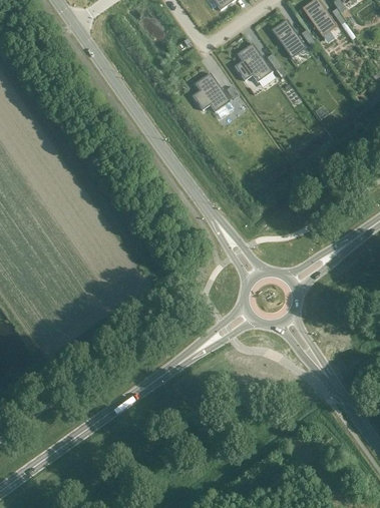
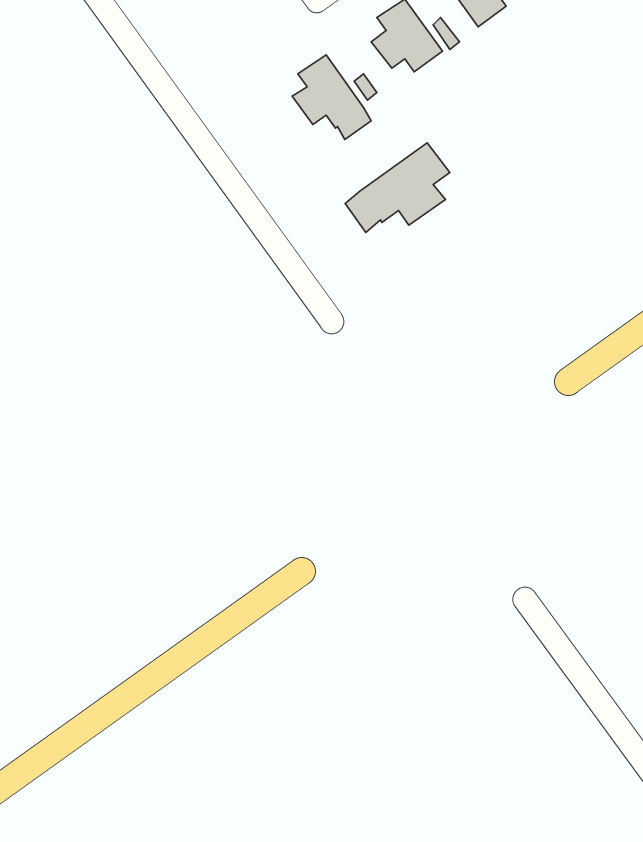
building: none -> [345,143,450,233]

